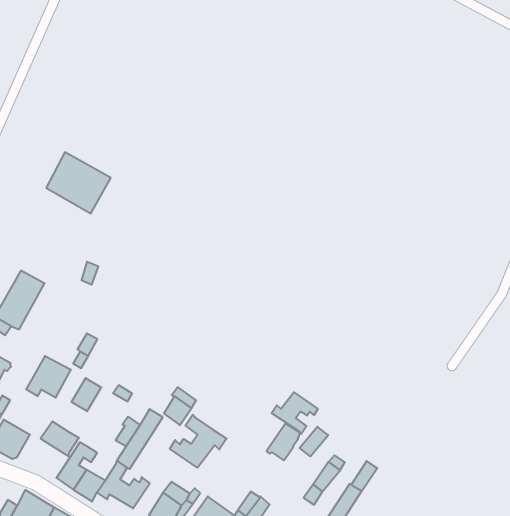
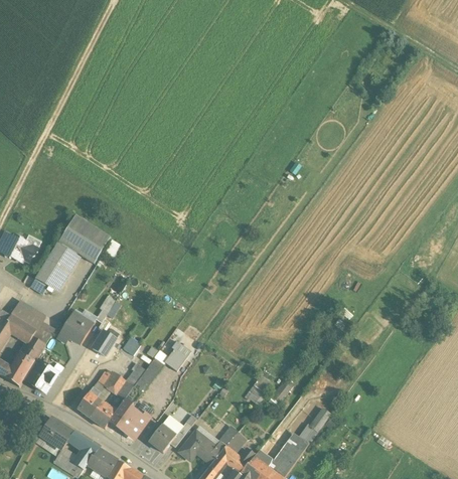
building: [46,152,111,213] -> [59,213,111,263]
building: [272,392,318,434] -> none
building: [170,415,227,468] -> none
building: [41,421,79,456] -> [104,371,134,400]

